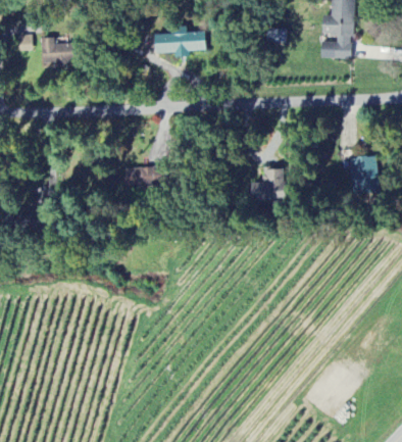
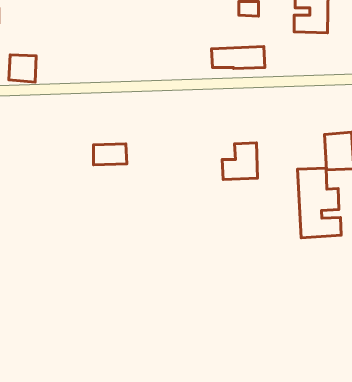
building: [155,33,207,54] -> [212,47,265,69]
building: [42,38,68,64] -> [9,55,36,82]
building: none -> [297,168,341,238]

